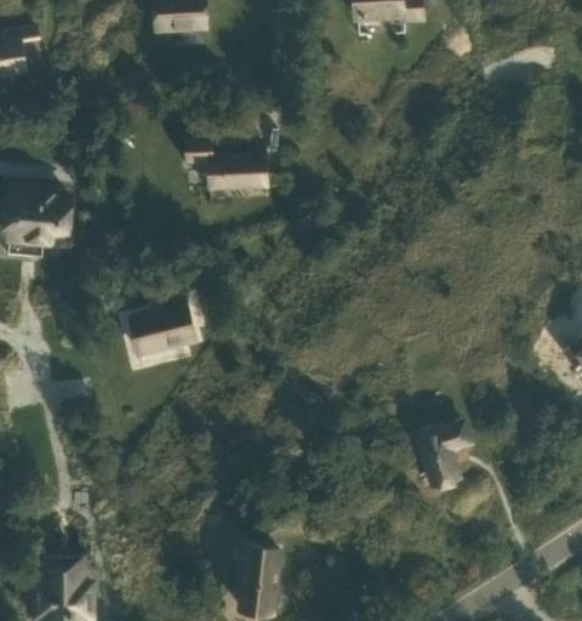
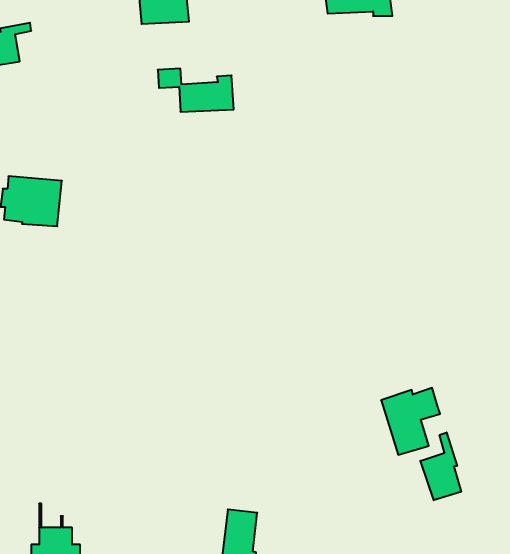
building: [187,143,268,189] -> [158,69,234,112]
building: [131,302,196,355] -> none
building: none -> [420,432,461,500]

